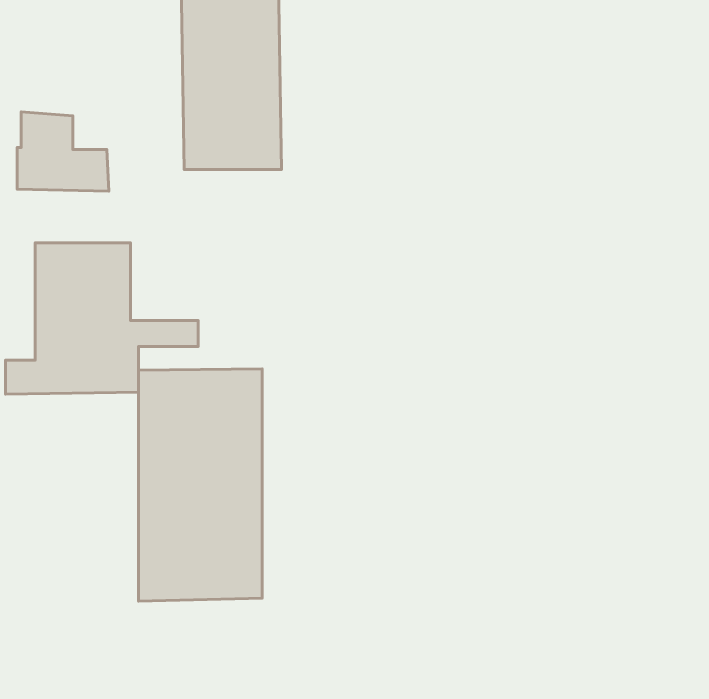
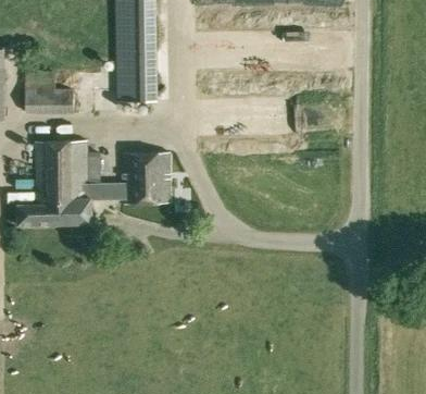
building: none -> [122,155,167,202]
building: [139,369,262,601] -> none

